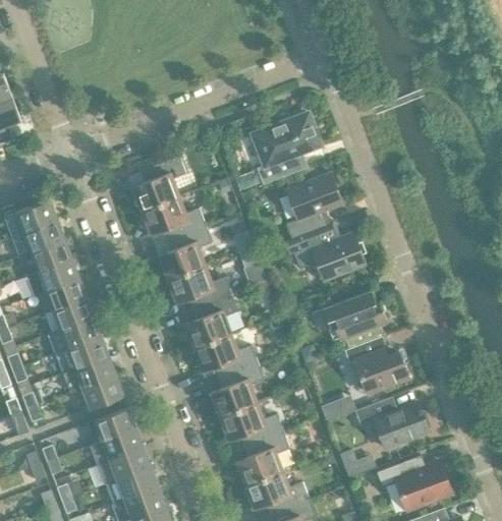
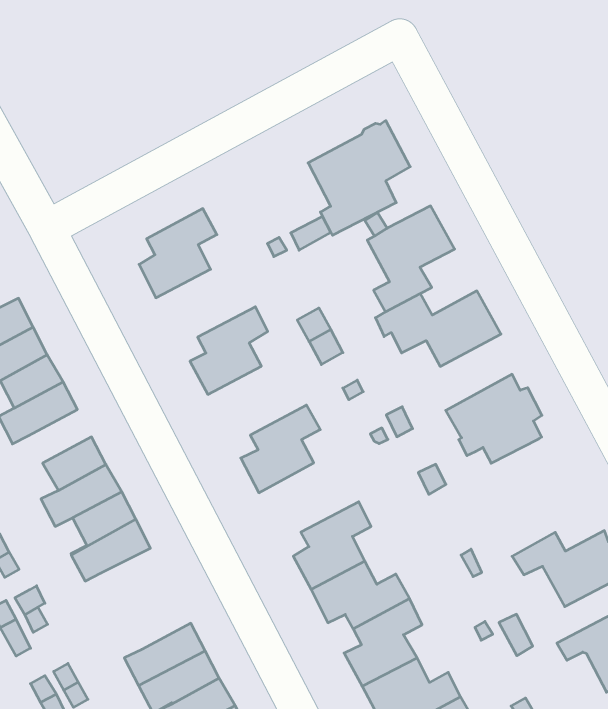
building: [141,196,206,240] -> none
building: [167,265,231,309] -> none
building: [45,278,87,310] -> none
building: [192,333,258,378] -> none
building: [343,336,409,394] -> none
building: [81,375,124,409] -> none
building: [94,407,136,442] -> none

